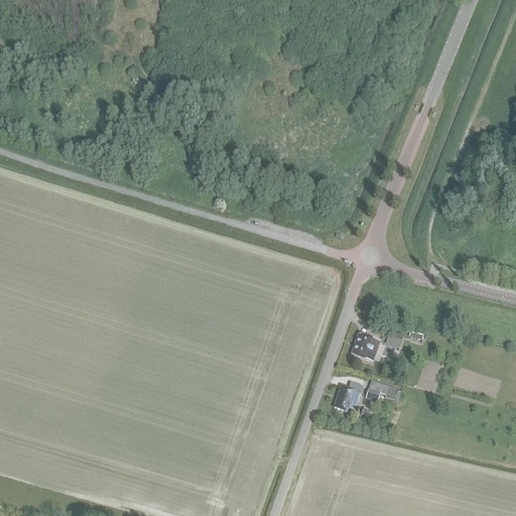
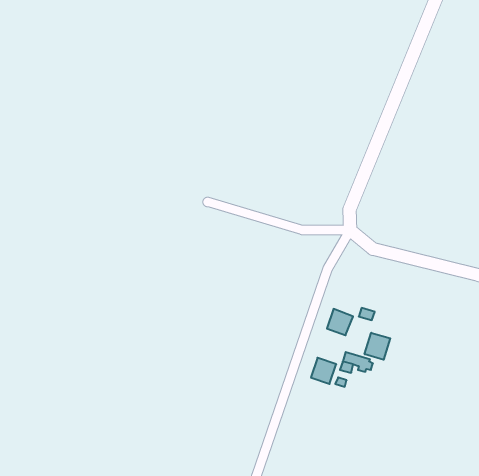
building: none -> [365,333,390,360]

